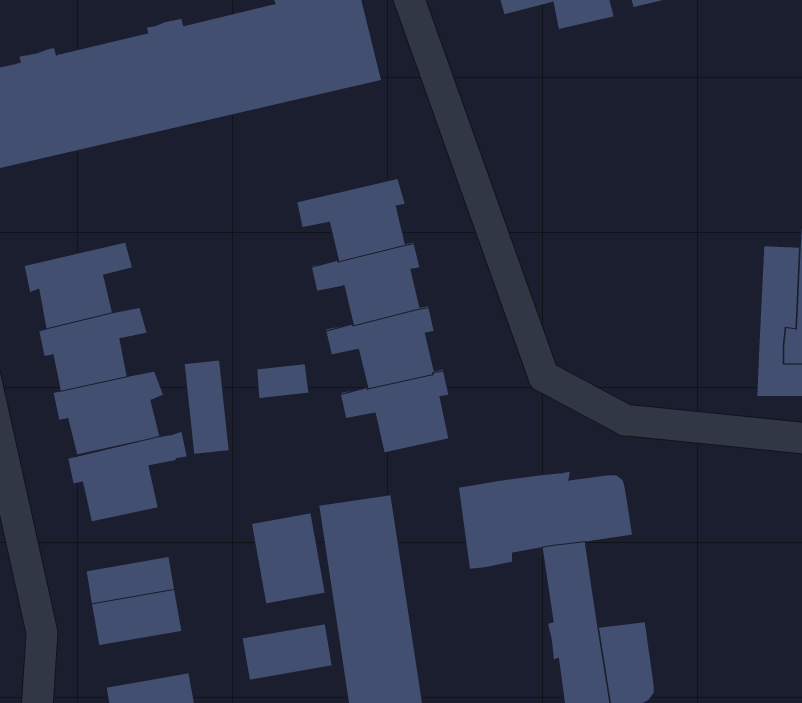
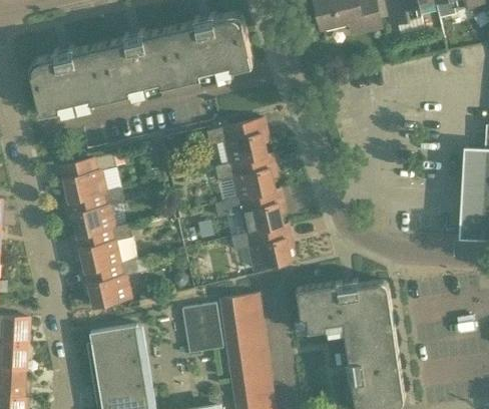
building: [184,360,229,454] -> none
building: none -> [366,315,399,366]
building: [242,624,333,680] -> [97,368,147,399]

